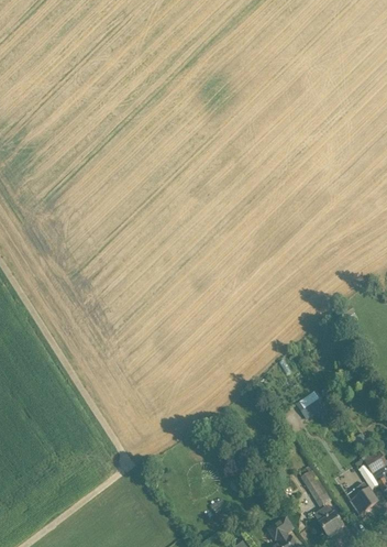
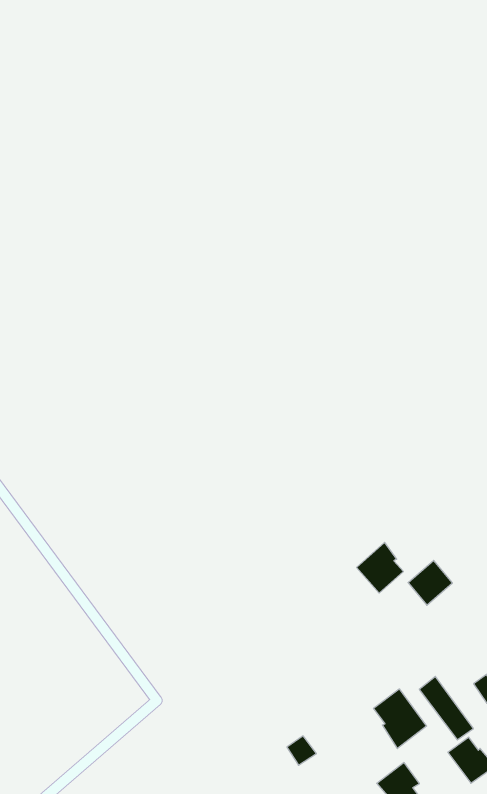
building: none -> [357,542,403,593]
building: none -> [374,689,427,749]

